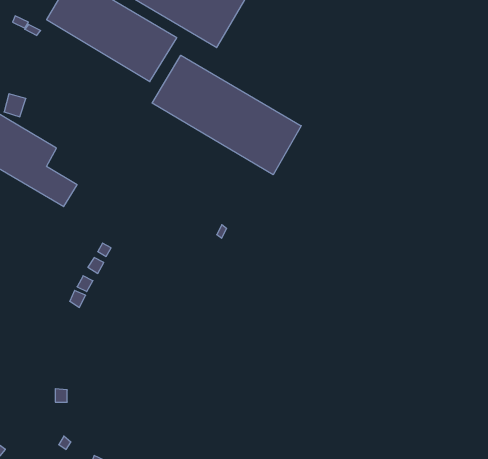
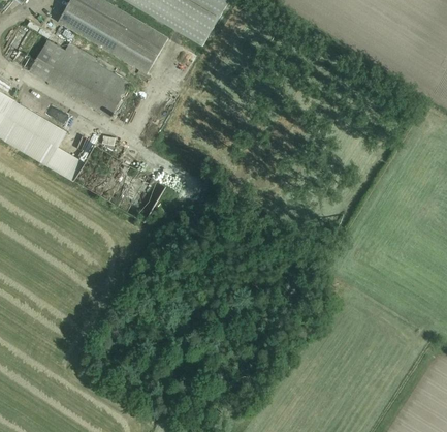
building: none -> [29,39,130,117]
building: [152,55,301,175] -> none

